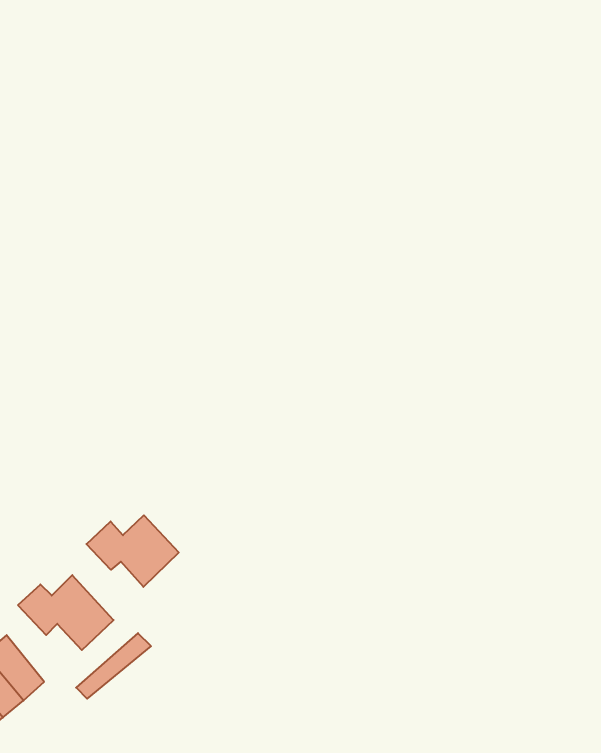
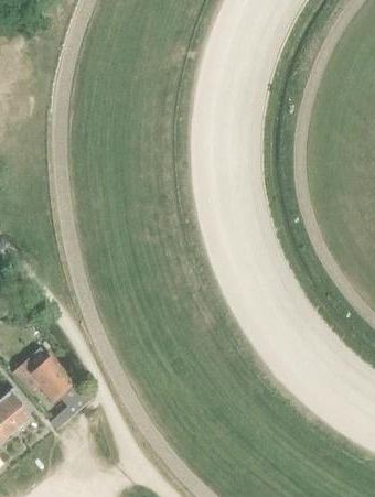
building: [86,515,179,587] -> none

